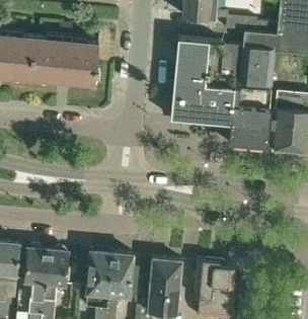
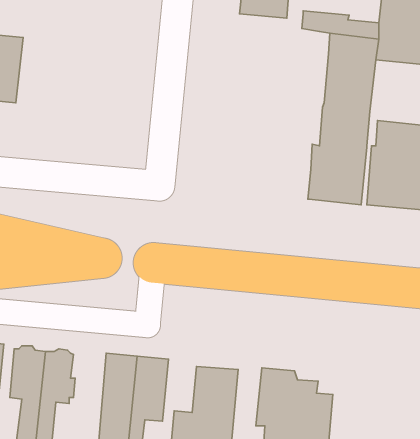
building: [29,34,97,85] -> none
building: [169,38,243,125] -> none

